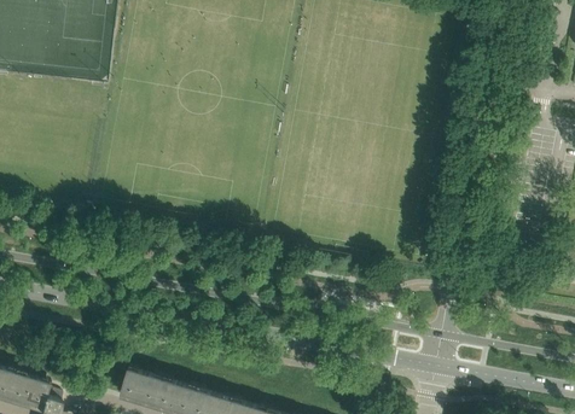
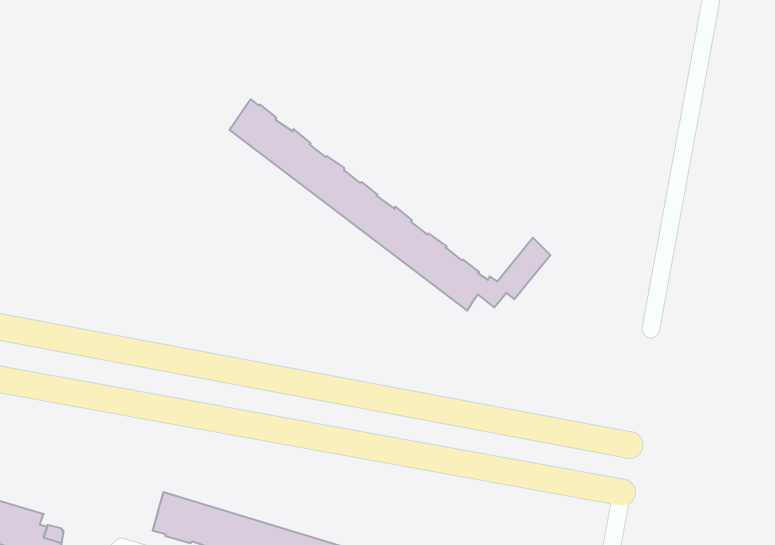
building: none -> [229,99,550,311]

